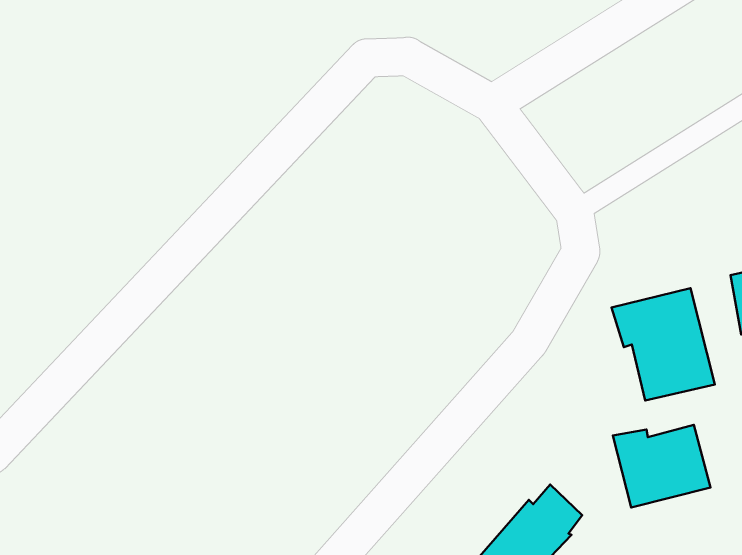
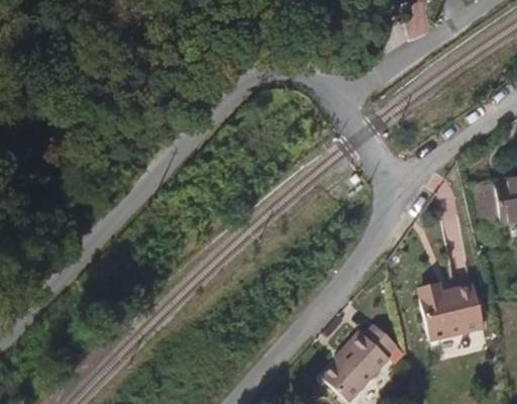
building: [611,288,715,401] -> none

